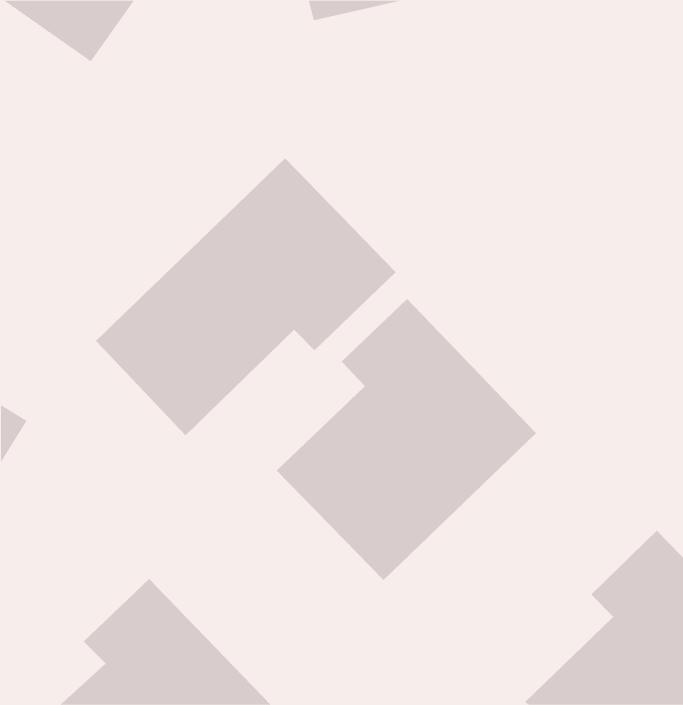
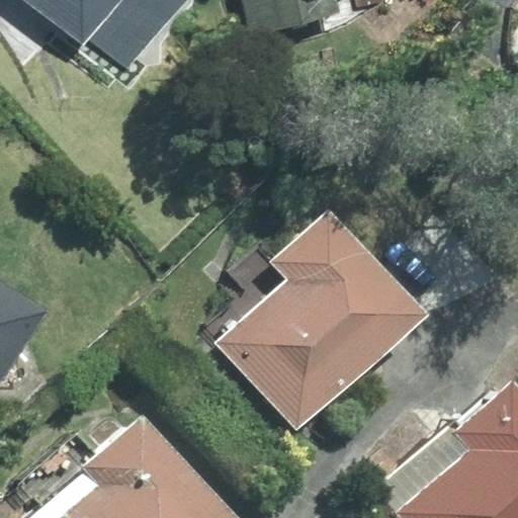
building: [95,158,396,436] -> none

